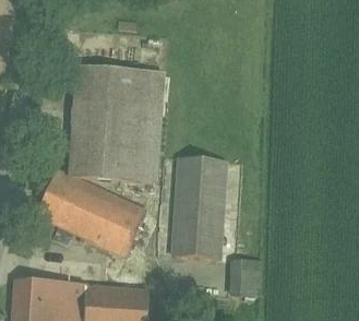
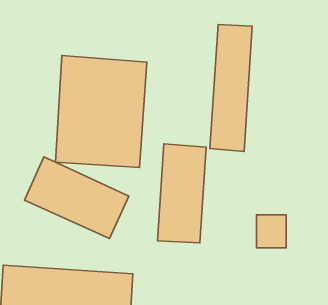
building: none -> [210,24,252,151]
building: [231,257,262,290] -> [256,215,286,248]

